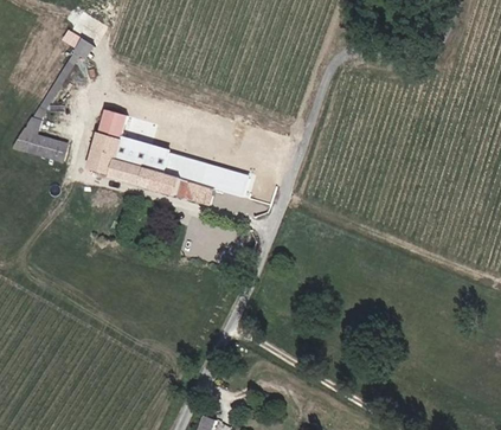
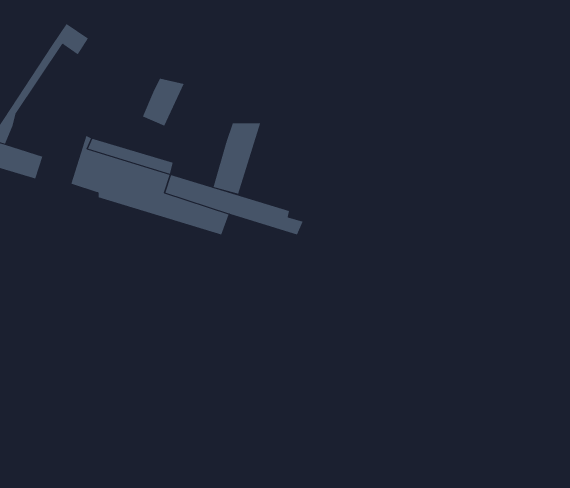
building: none -> [142,78,184,127]
building: none -> [213,123,261,195]

